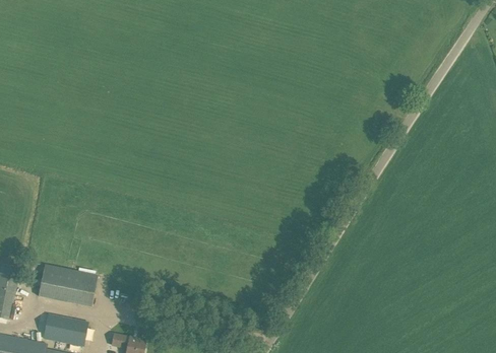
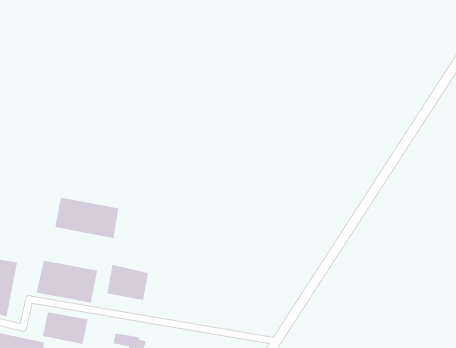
building: none -> [55,197,119,239]
building: none -> [107,264,149,301]

